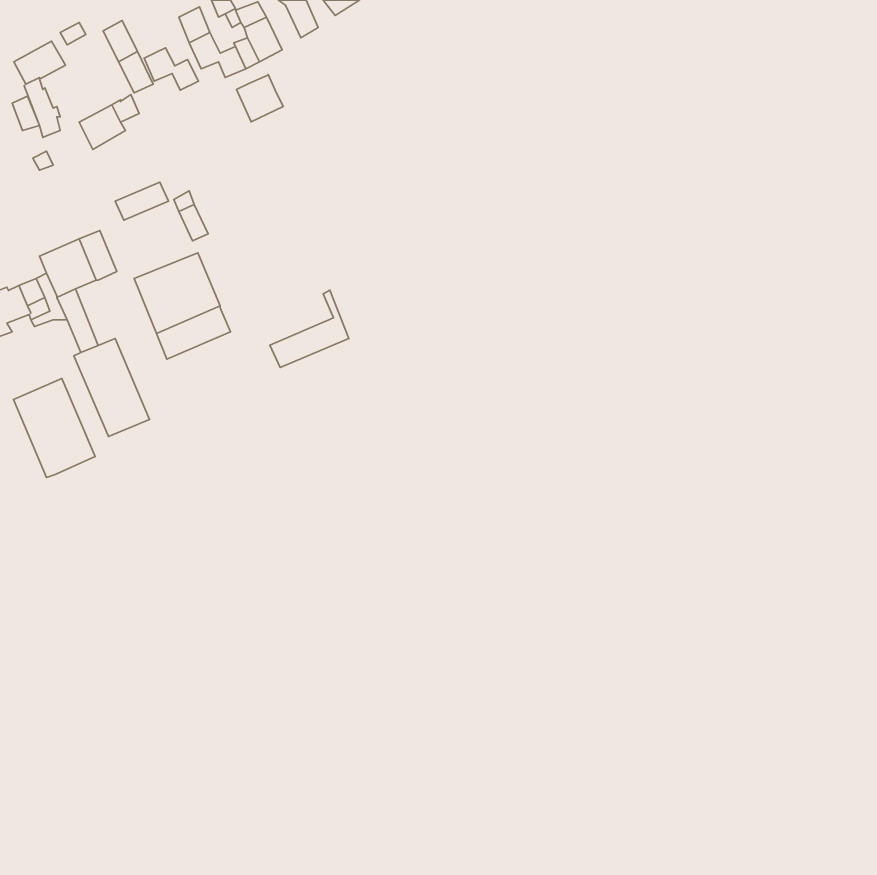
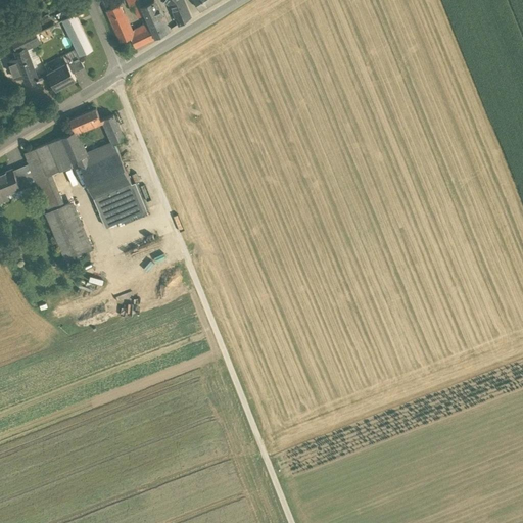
building: [144,48,199,90] -> none
building: [236,74,283,122] -> none
building: none -> [59,133,84,163]
building: [270,290,349,368] -> [99,183,146,229]
building: [13,379,95,477] -> none

